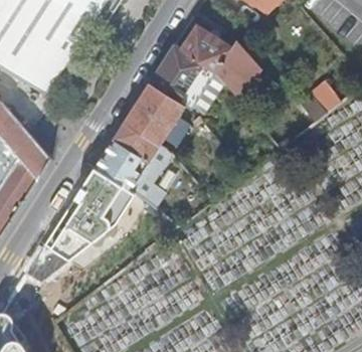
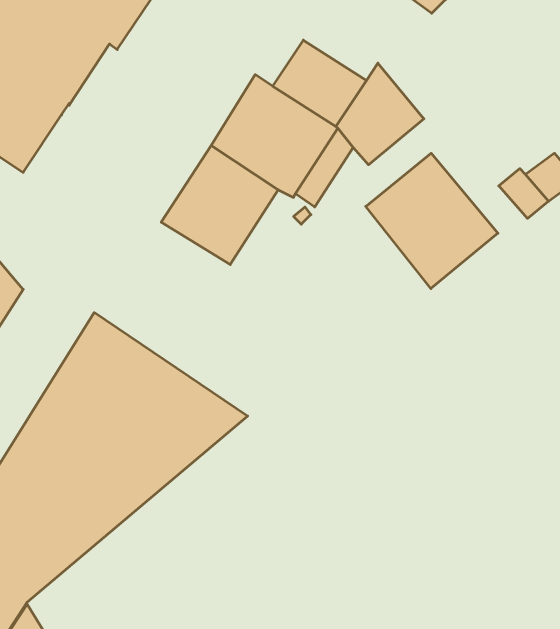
building: none -> [366,153,498,289]
building: [89,124,165,208] -> none

